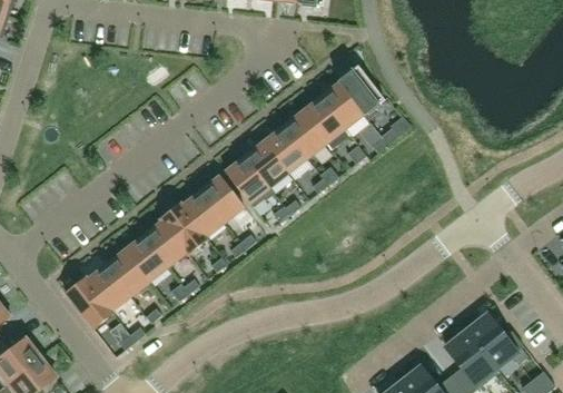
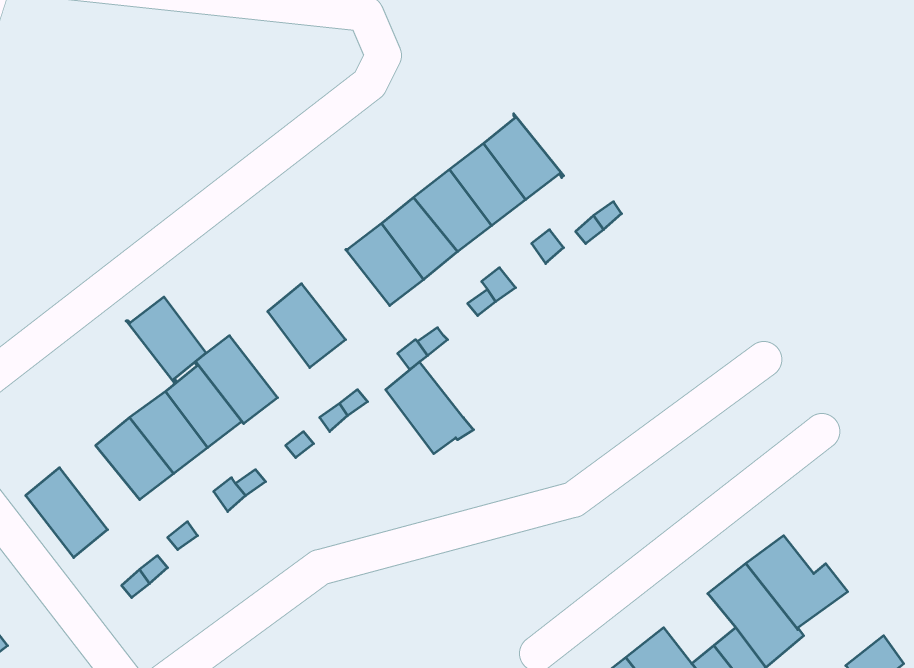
building: [337,65,384,120] -> none
building: [225,156,274,207] -> [386,362,474,454]
building: [179,190,224,238] -> [126,297,206,383]
building: [85,265,129,312] -> none

